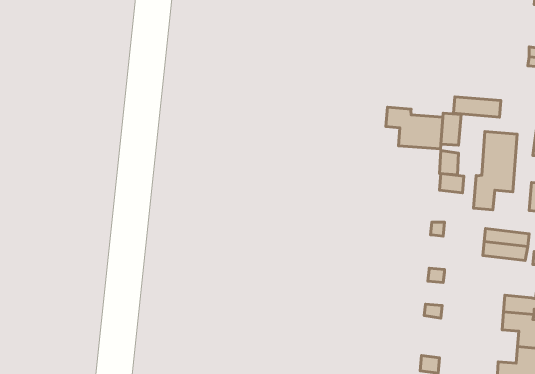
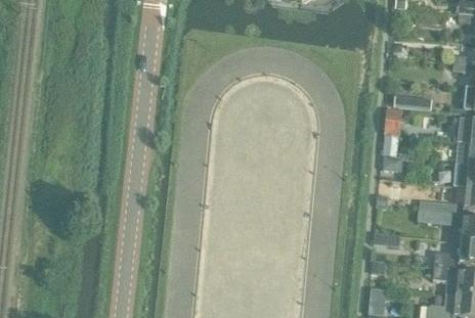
building: [386,107,443,149] -> none
building: [473,131,517,210] -> none

